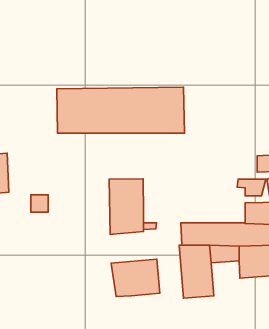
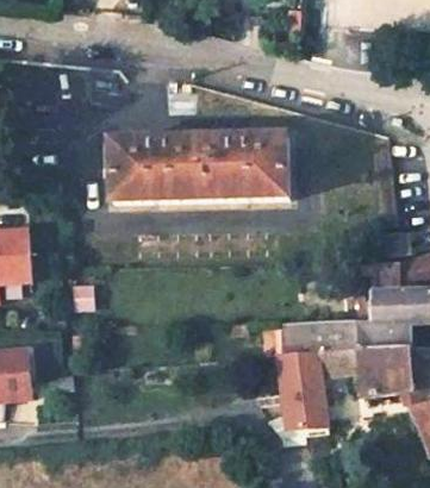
building: [109,179,144,235] -> none
building: [111,259,160,297] -> none

